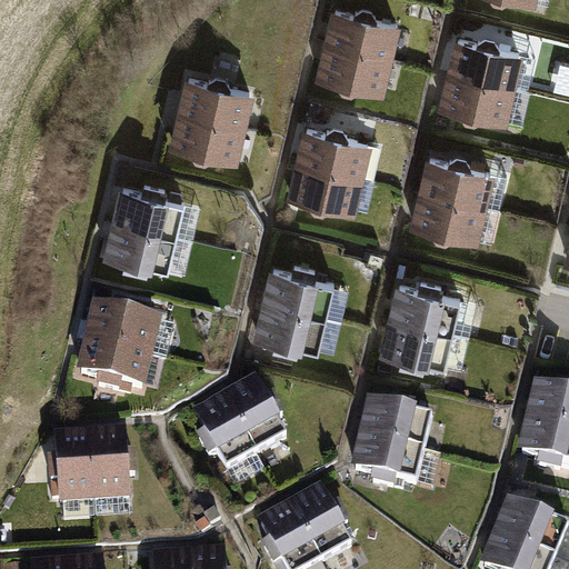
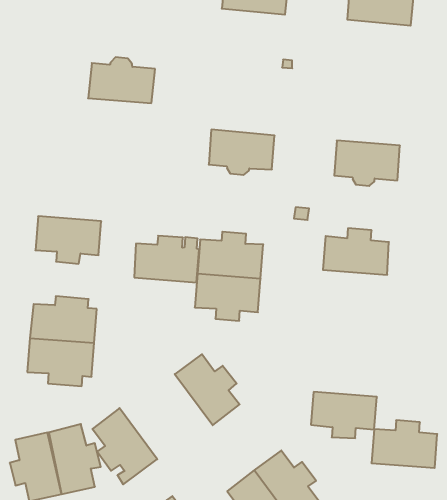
building: [319,42,389,92] -> none
building: [441,72,512,122] -> none
building: [172,111,243,161] -> none
building: [298,126,369,177] -> none
building: [421,154,492,206] -> none
building: [112,183,181,236] -> [134,236,199,282]
building: [380,318,451,371] -> none
building: [194,399,254,476] -> [92,408,157,484]
building: [360,399,430,452] -> [371,420,437,468]

